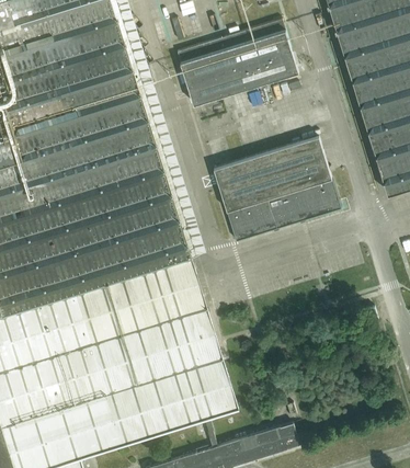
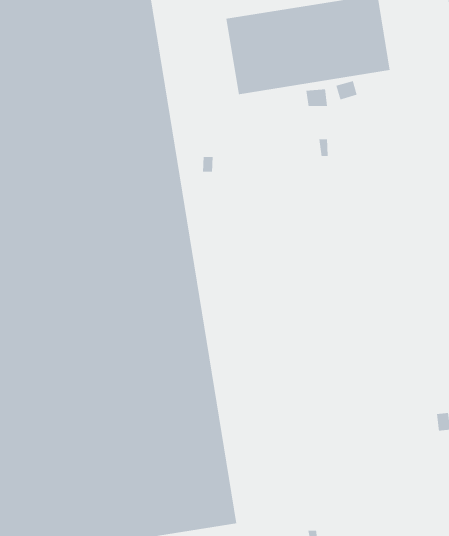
building: [214,136,342,241] -> none

